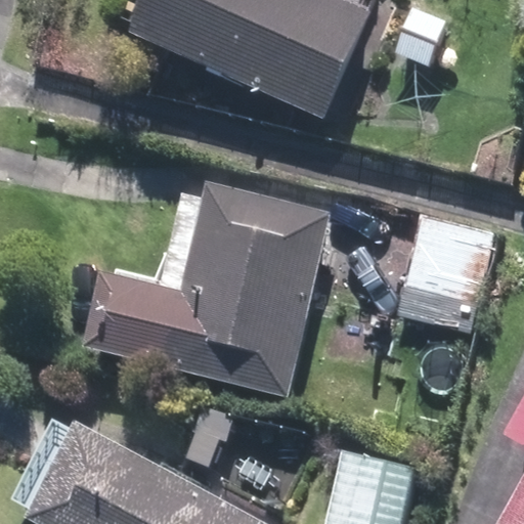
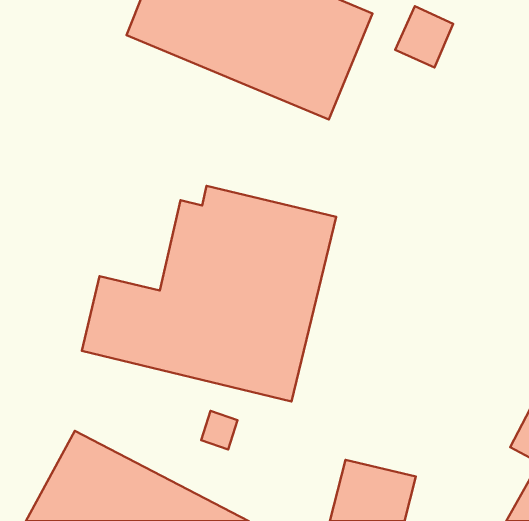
building: [401,214,498,304] -> none

